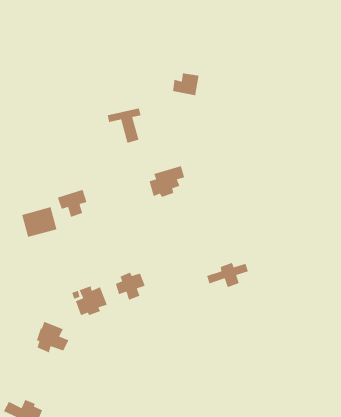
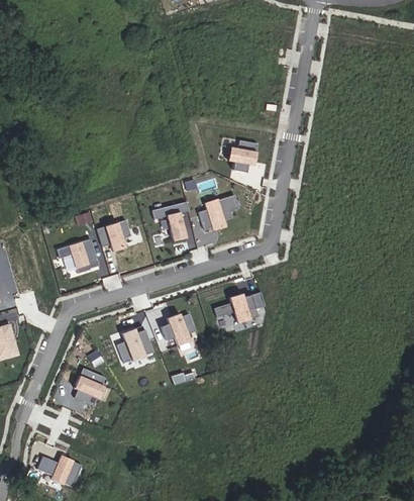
building: [172,73,199,96] -> [228,140,258,167]
building: [107,107,141,144] -> [151,202,190,242]
building: [206,262,249,288] -> [214,293,262,322]

